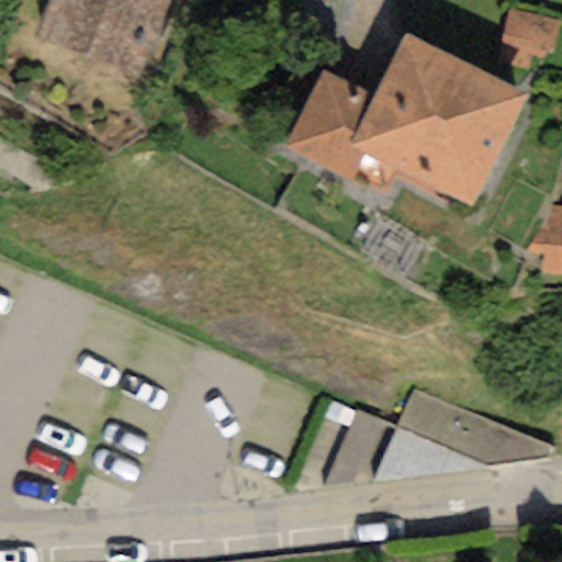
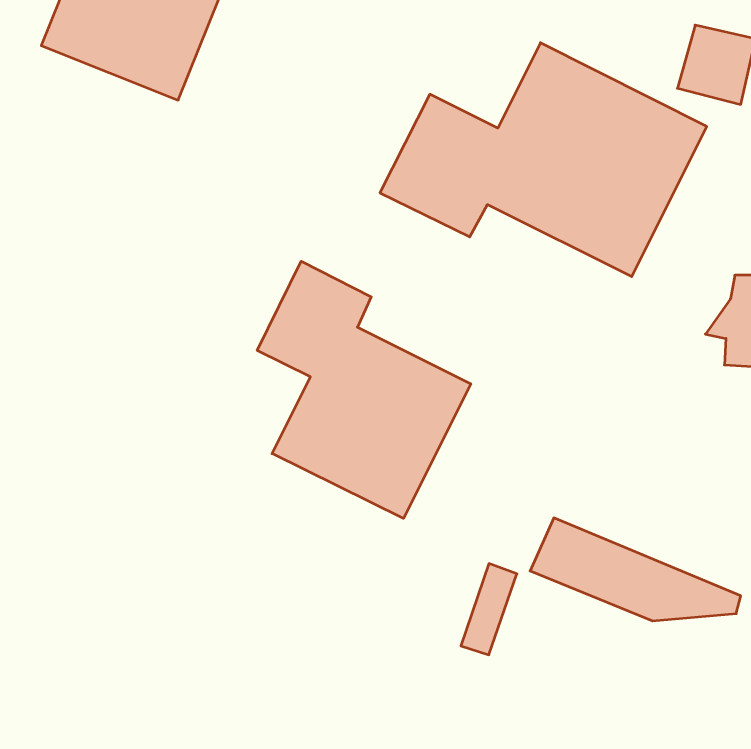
building: none -> [257,261,471,518]

